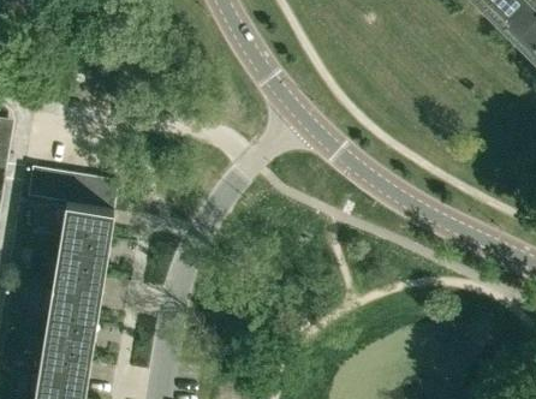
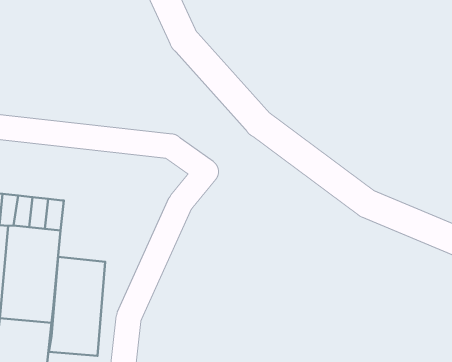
building: none -> [49,257,105,356]

